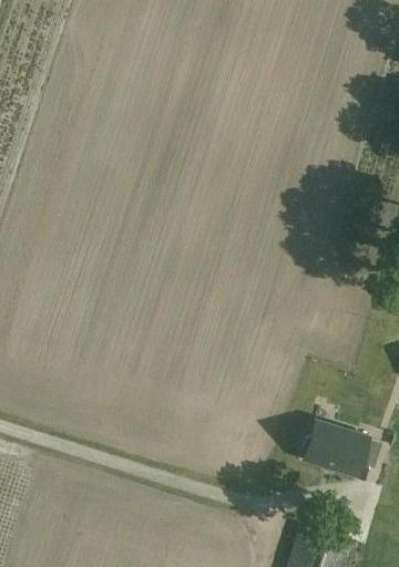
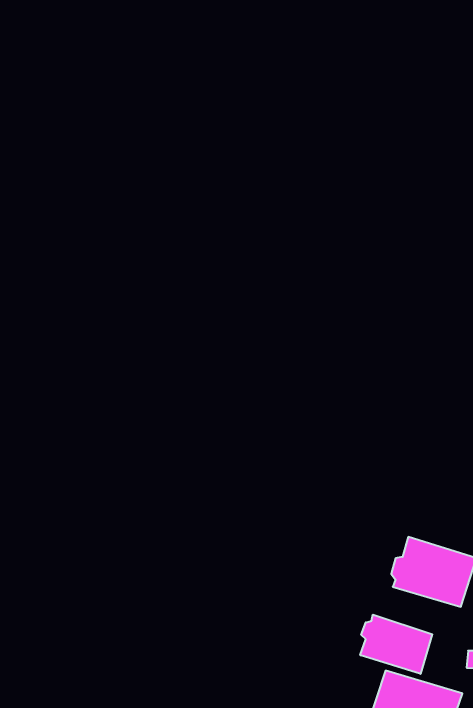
building: none -> [360,615,432,674]

